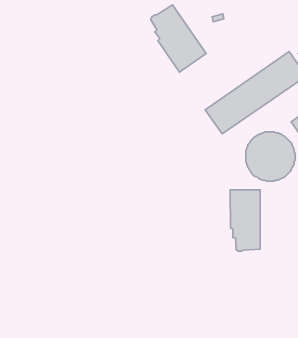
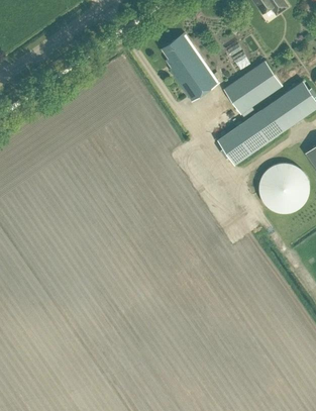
building: none -> [223,61,282,114]
building: [230,190,260,251] -> none

